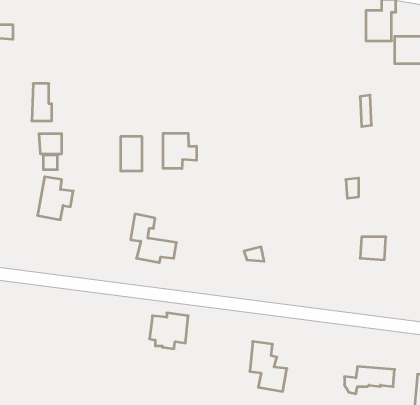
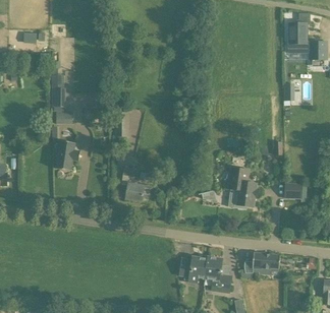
building: [163,133,196,169] -> none
building: none -> [227,168,258,207]
building: [149,313,188,349] -> [179,257,207,283]
building: [344,367,395,394] -> [243,254,279,273]

